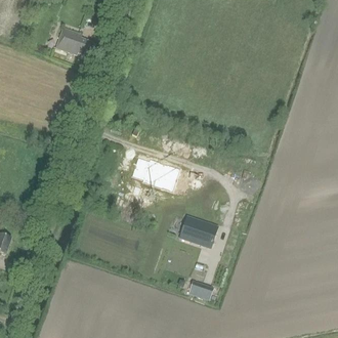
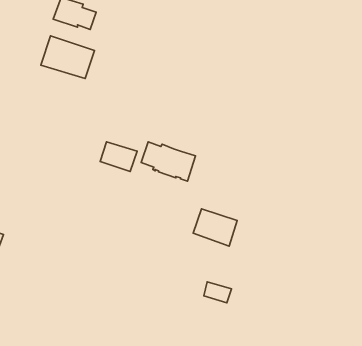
building: none -> [41,36,94,79]
building: none -> [100,142,137,172]

